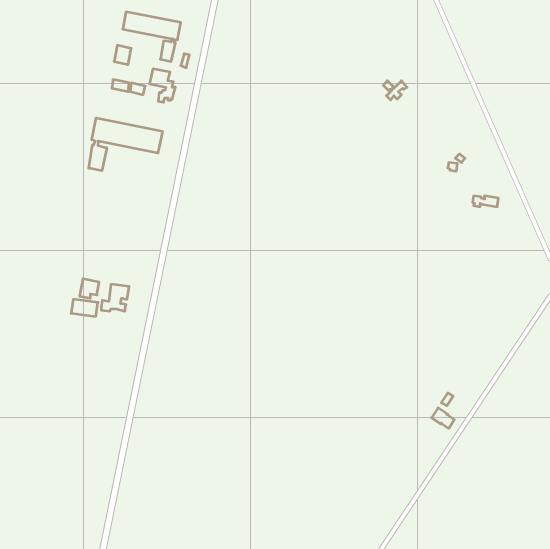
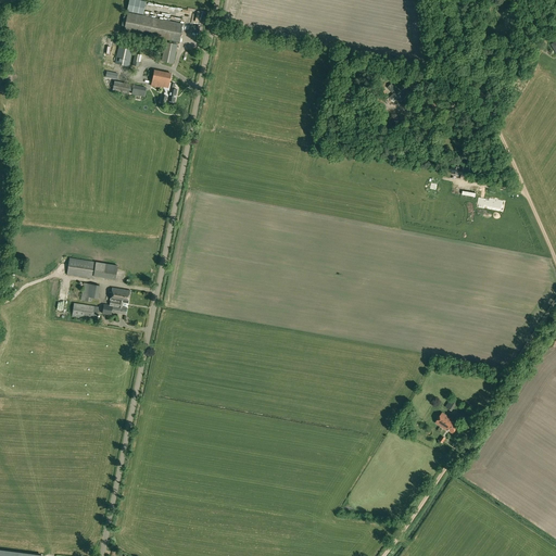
building: [89,118,162,171] -> none
building: none -> [67,257,117,278]

